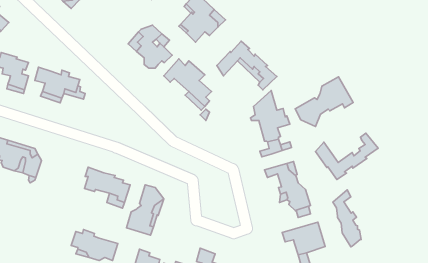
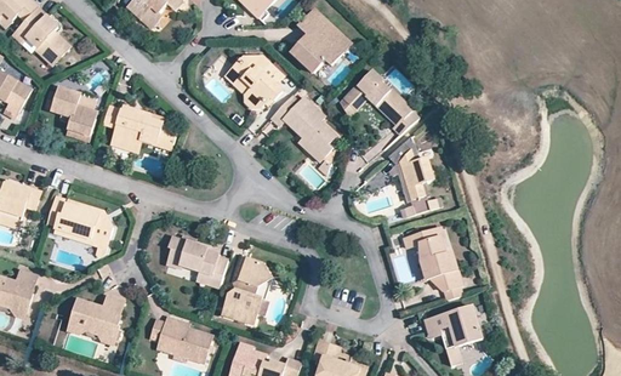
building: [295,77,353,126] -> none
building: [316,133,378,180] -> none
building: [333,190,361,247] -> none
building: none -> [70,295,125,337]

